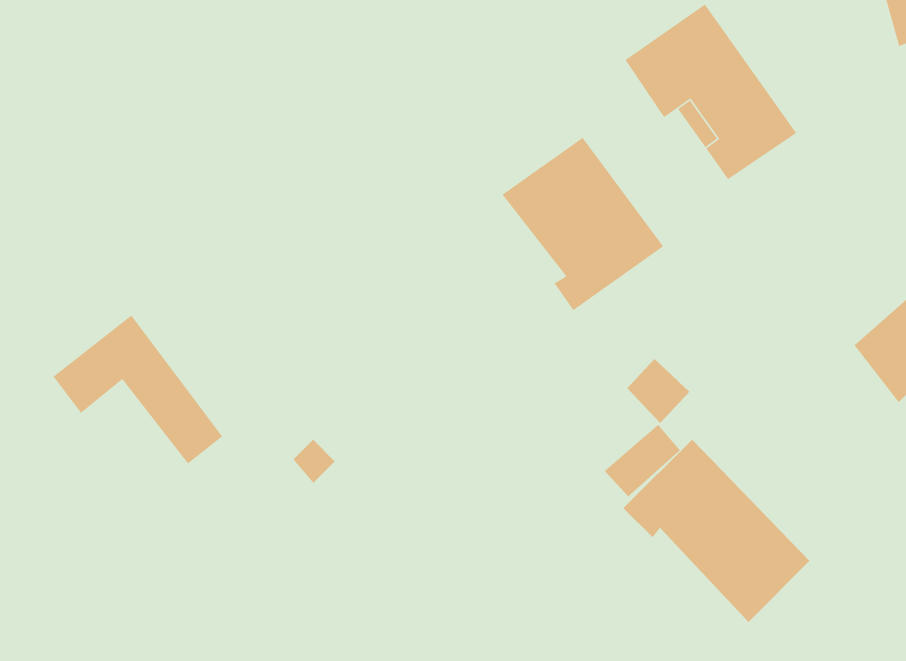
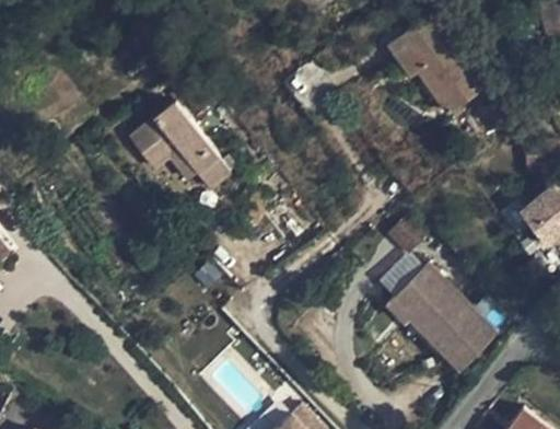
building: [502,137,664,311] -> none
building: [53,315,223,465] -> [129,103,229,190]

